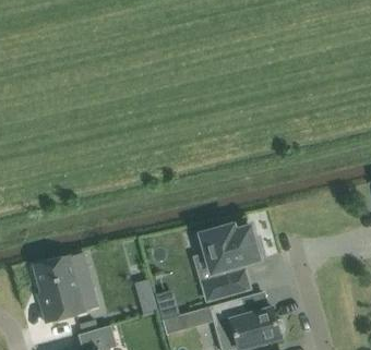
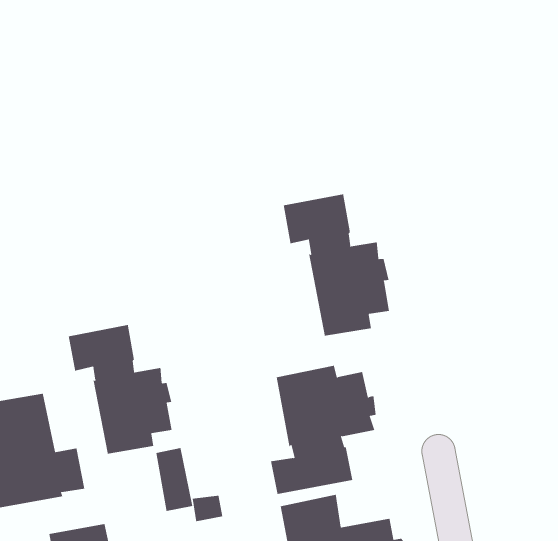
building: none -> [283,193,390,336]
building: none -> [68,324,172,454]

